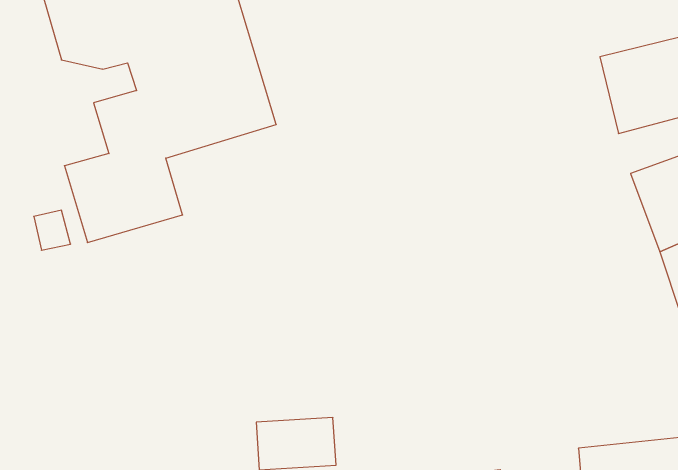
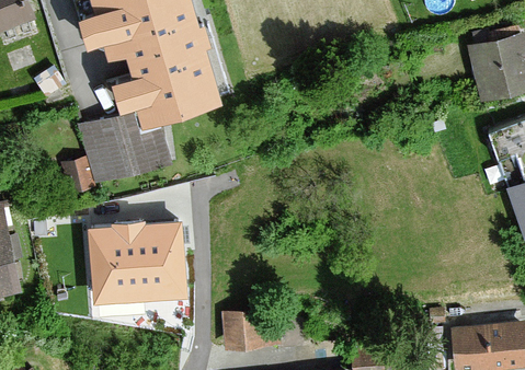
building: none -> [88,222,187,308]

